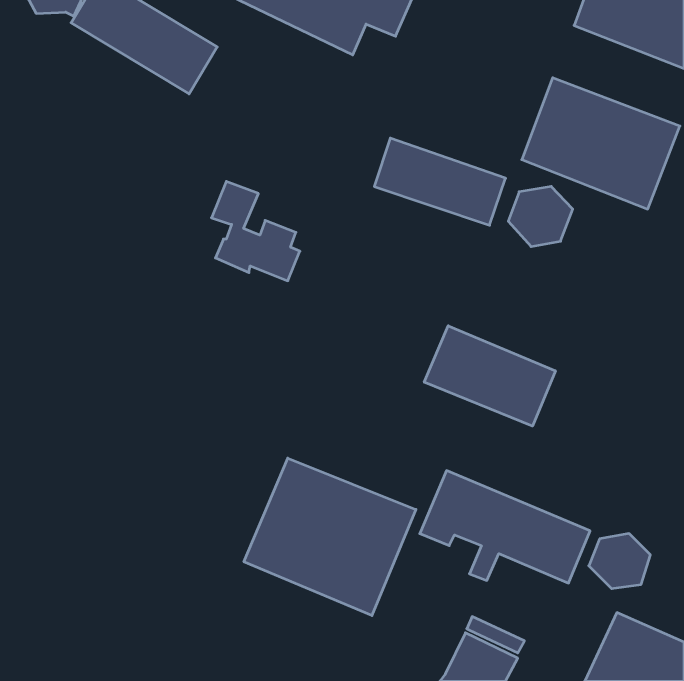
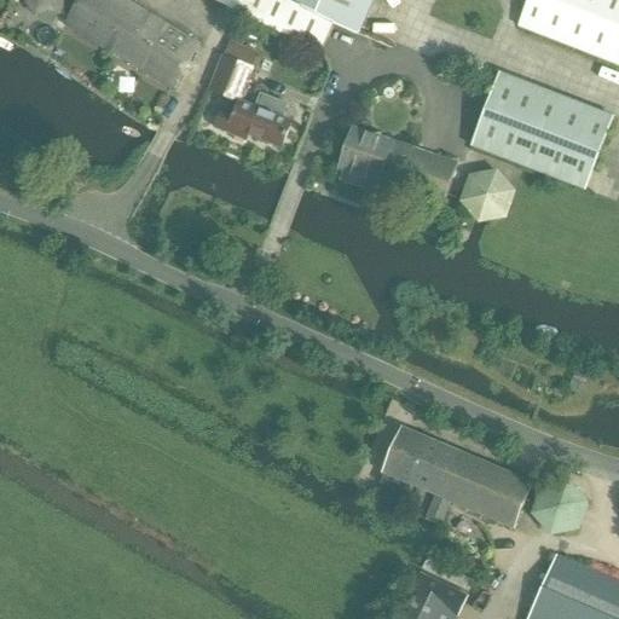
building: [211,181,300,281] -> [210,56,290,145]
building: [424,326,555,426] -> none
building: [244,458,416,616] -> none

